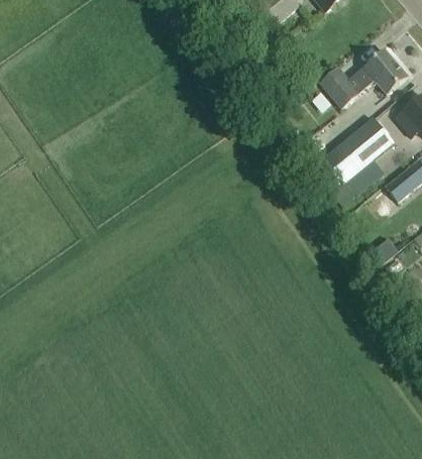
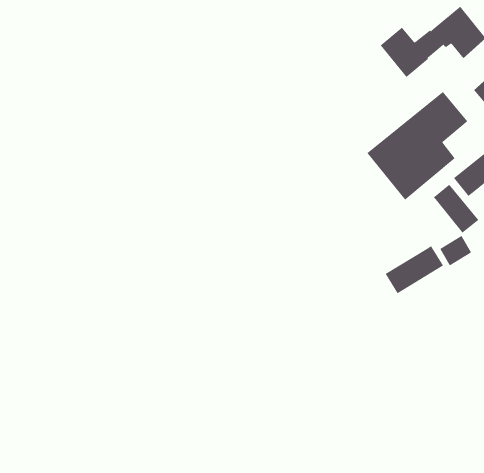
building: none -> [433,184,479,234]
building: none -> [385,245,444,294]

